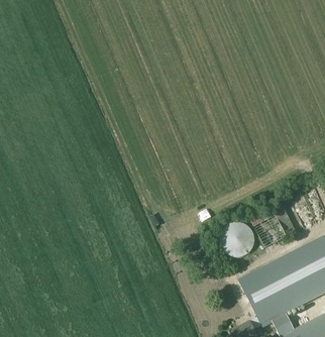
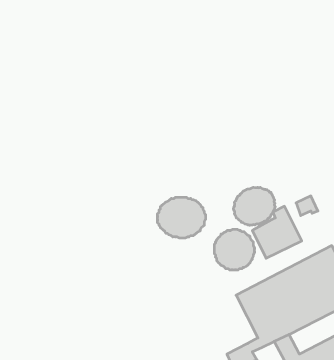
building: none -> [233,187,275,225]
building: none -> [158,197,206,238]

